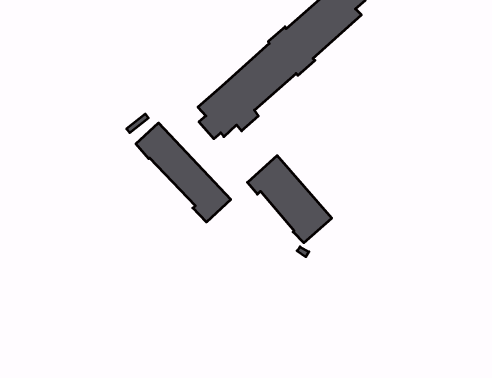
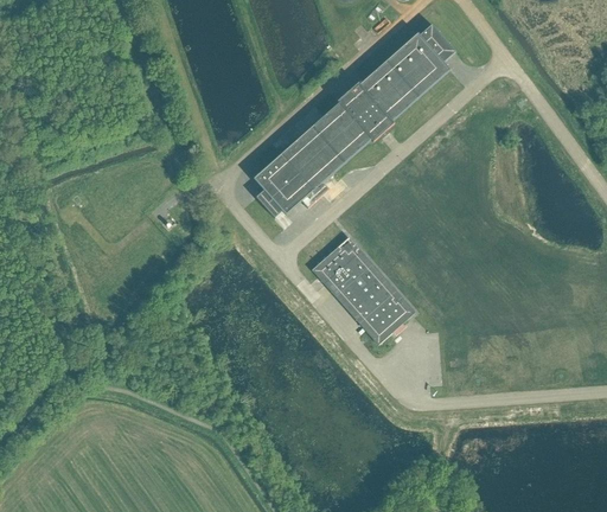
building: [136,123,231,222] -> none

